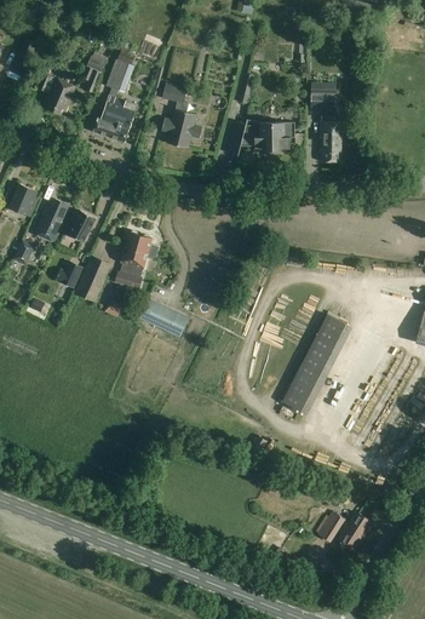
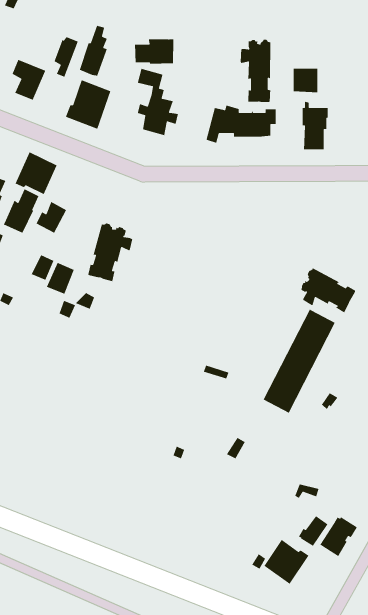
building: none -> [134,39,174,64]
building: none -> [240,39,271,103]
building: none -> [15,151,58,195]
building: none -> [300,267,356,313]
building: [139,299,189,337] -> none
building: none -> [263,539,310,585]

